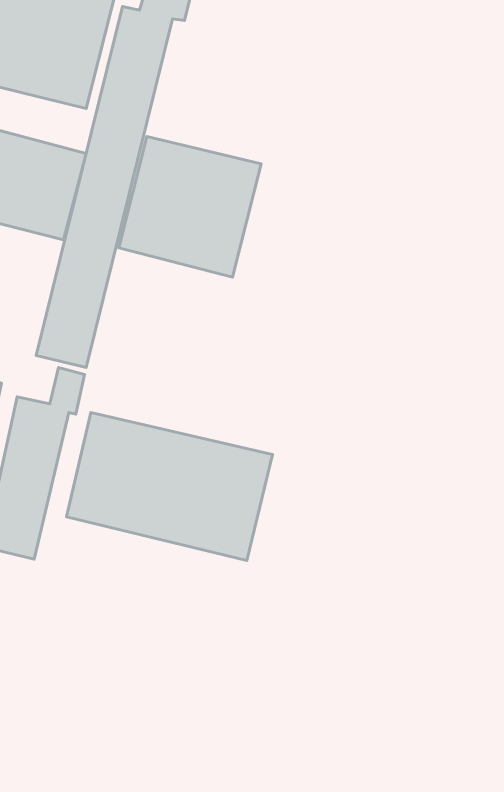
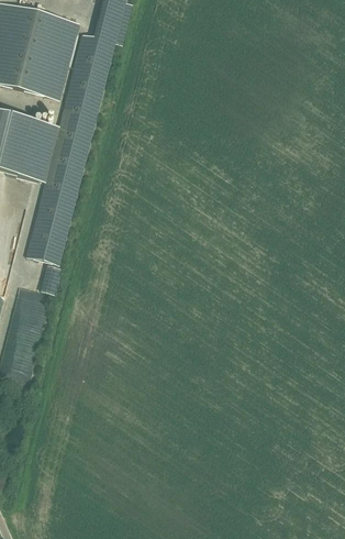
building: [119,137,261,277] -> none
building: [66,413,272,561] -> none

